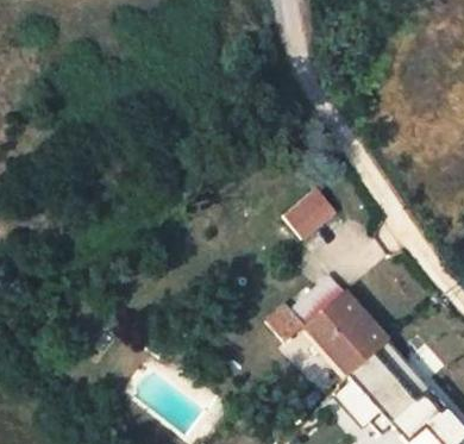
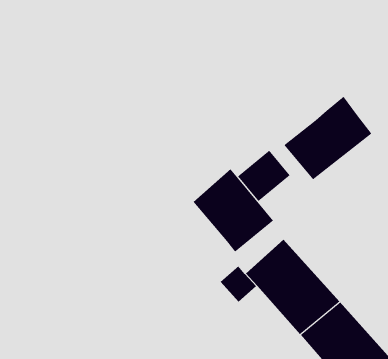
building: none -> [284,96,372,180]
building: none -> [193,168,274,252]

